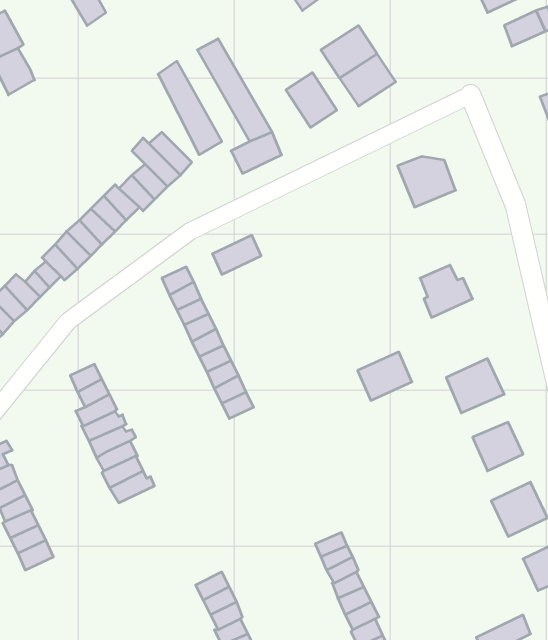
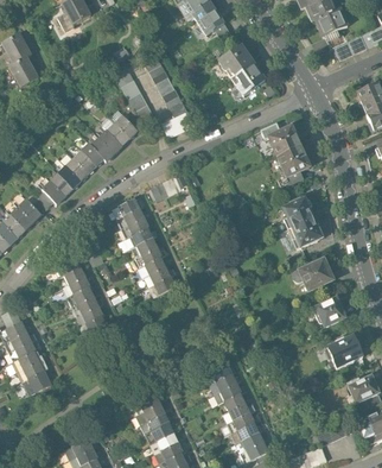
building: [286,73,337,127] -> none
building: none -> [278,148,311,186]
building: [358,352,412,400] -> [288,217,323,248]

